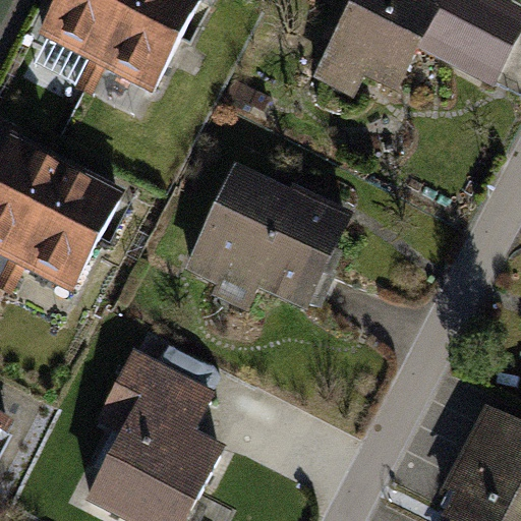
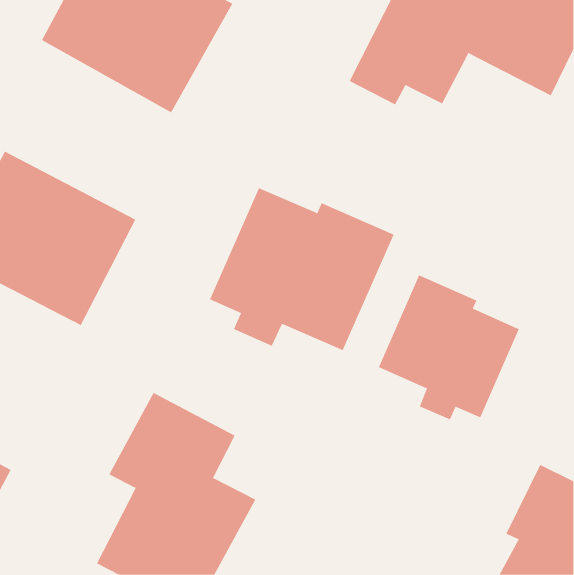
building: none -> [378,274,520,420]

